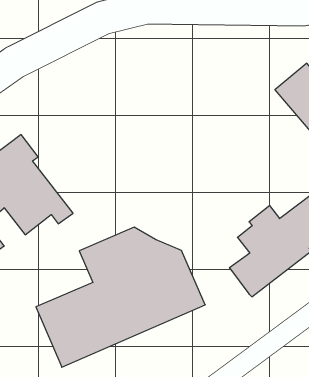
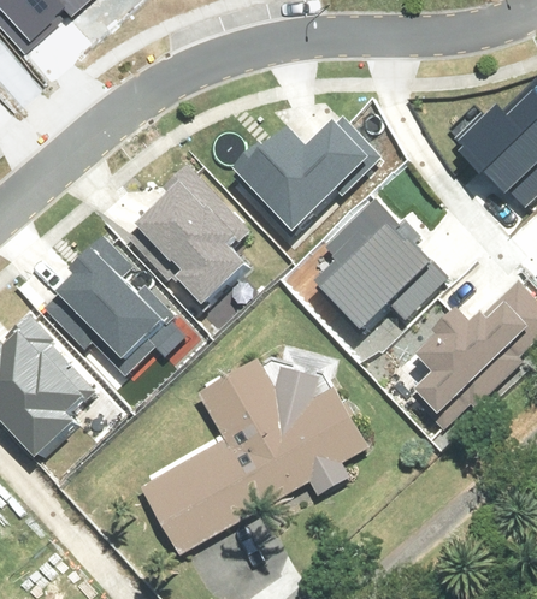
building: none -> [230,115,374,236]
building: none -> [125,167,246,303]
building: none -> [311,192,448,328]

